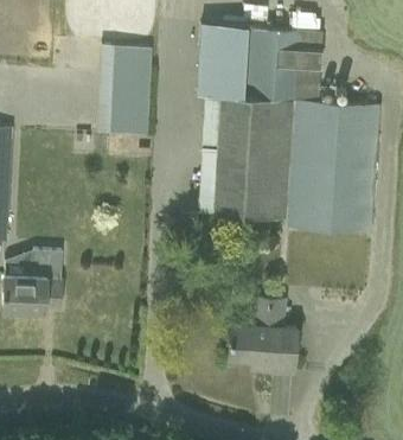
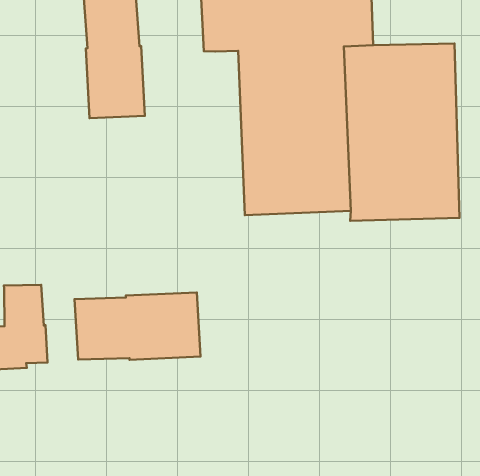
building: none -> [75,292,200,360]
building: [228,301,298,370] -> none

